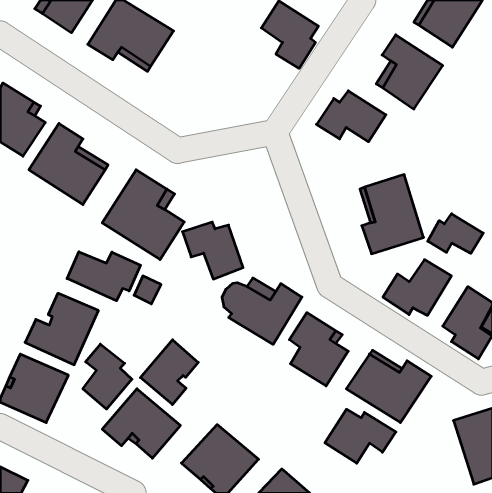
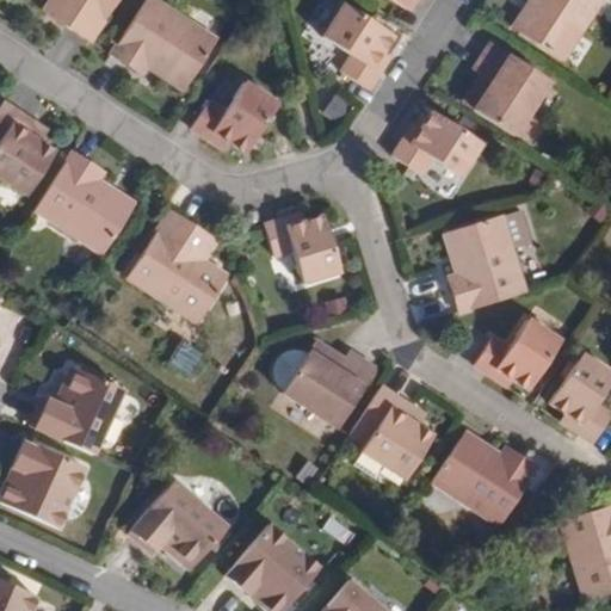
building: none -> [192,81,276,152]
building: [428,214,483,253] -> none
building: [182,222,243,279] -> [263,214,338,284]
building: [67,252,141,301] -> none
building: [140,340,198,405] -> none
building: [83,344,132,409] -> none
building: [325,409,396,463] -> none

